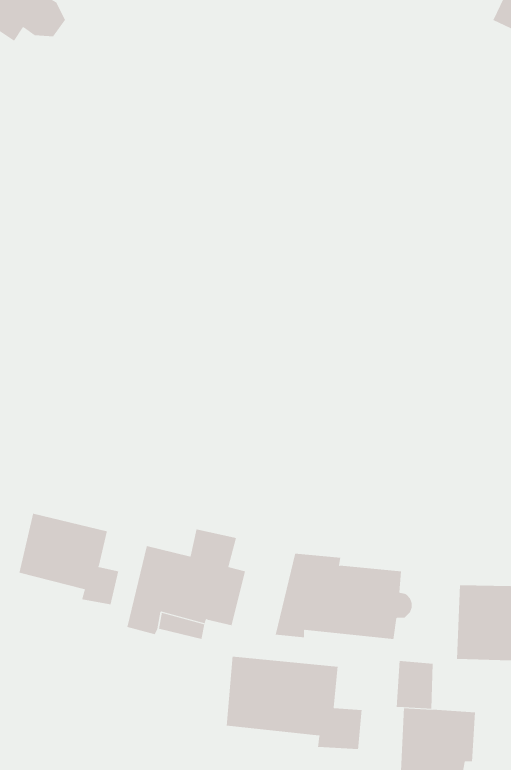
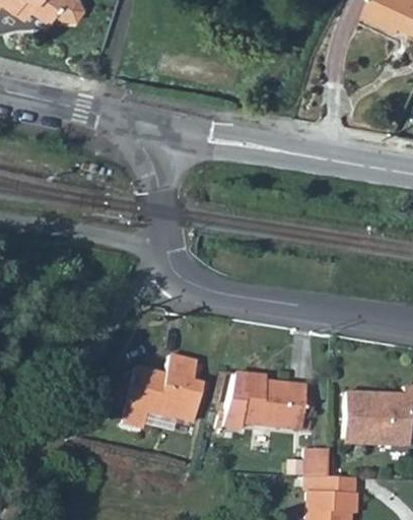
building: [19,513,119,605] -> none
building: [226,656,362,750] -> none

